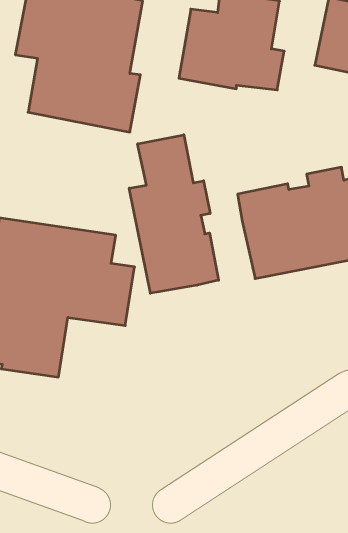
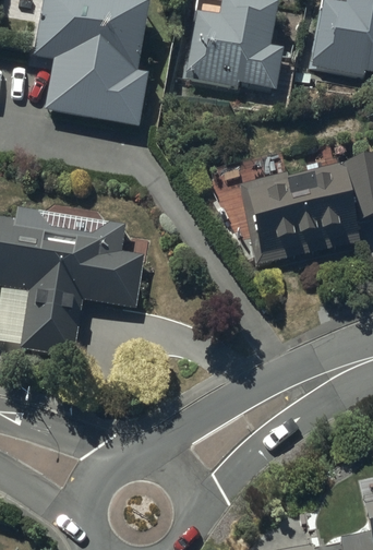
building: [129,135,219,293] -> none

